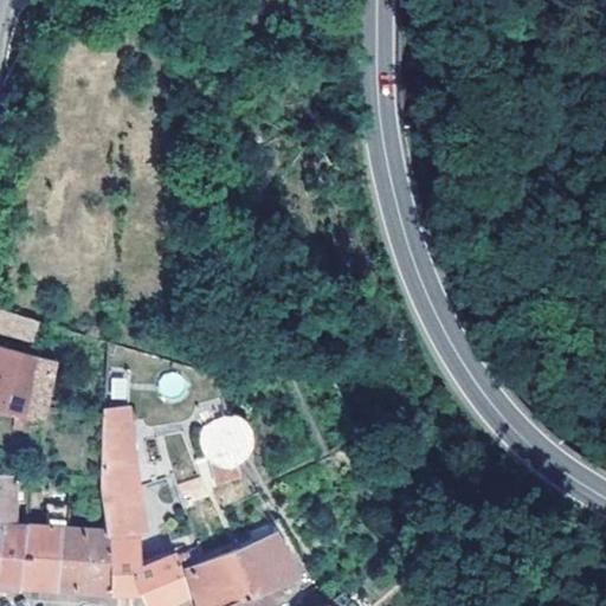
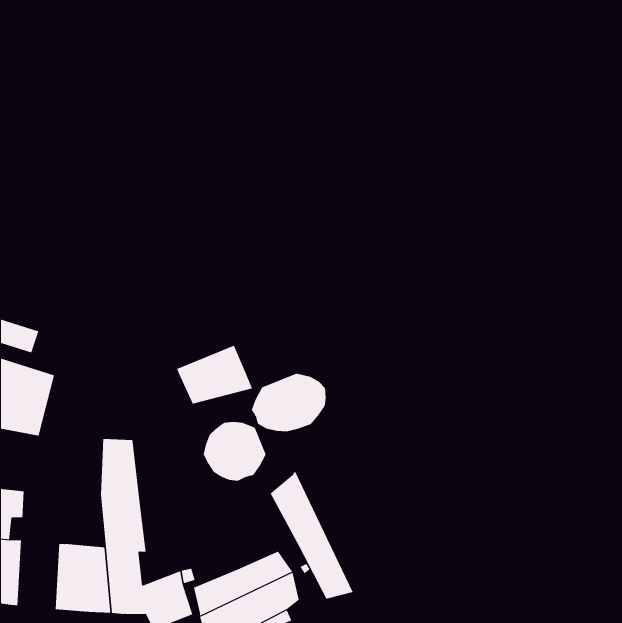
building: none -> [176,345,253,405]
building: none -> [251,373,326,432]
building: none -> [270,471,354,600]
building: [20,524,59,592] -> none

